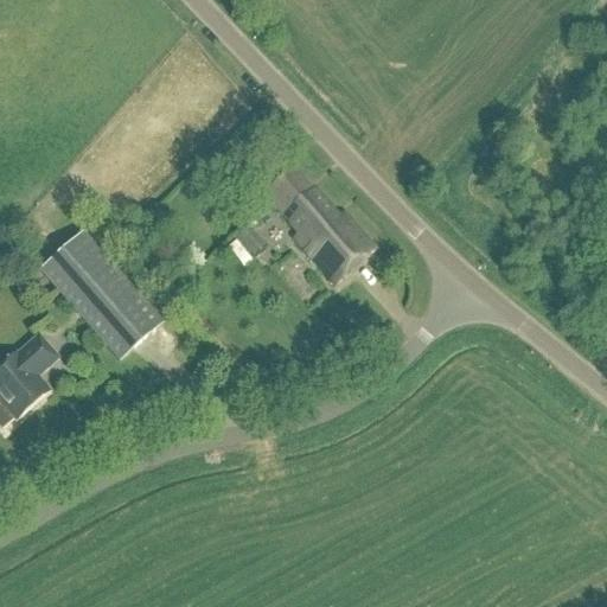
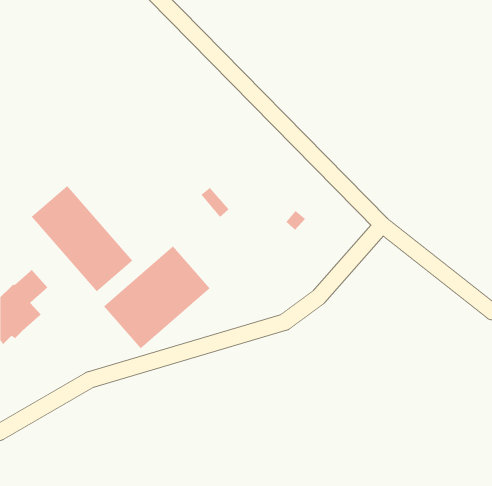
building: [263,164,377,281] -> none
building: none -> [103,246,210,349]

